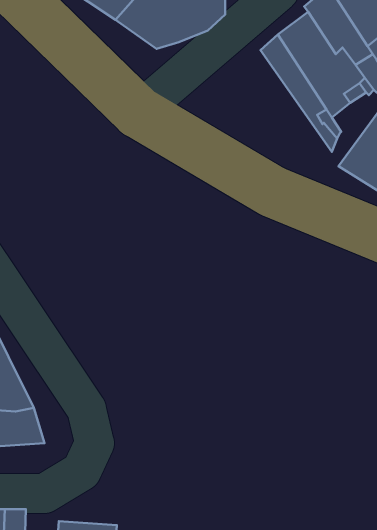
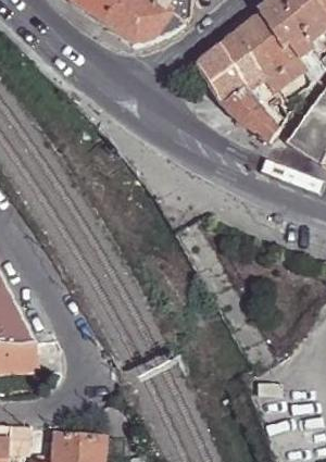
building: none -> [196,47,279,141]

